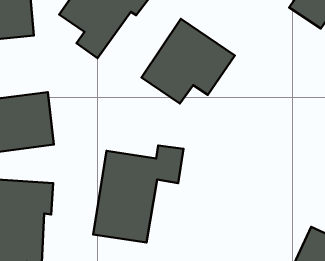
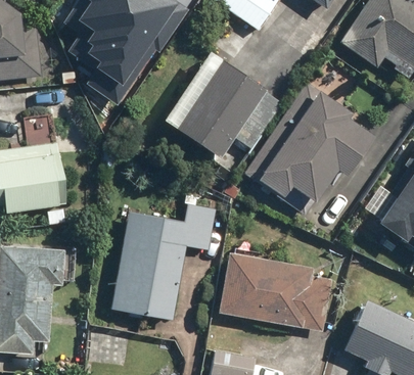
building: none -> [243,83,371,202]
building: none -> [217,252,330,331]

